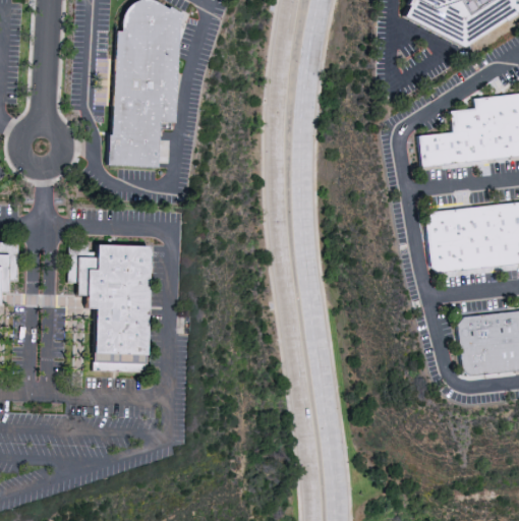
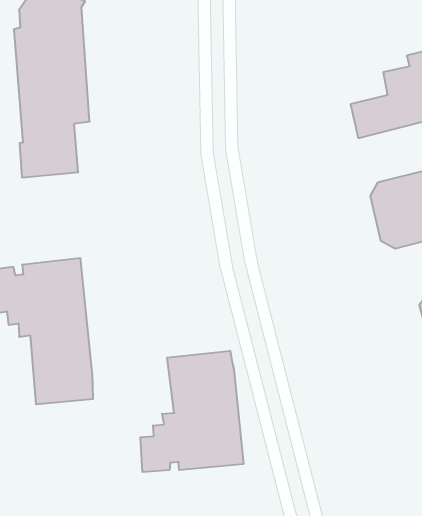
building: none -> [140,351,243,472]

